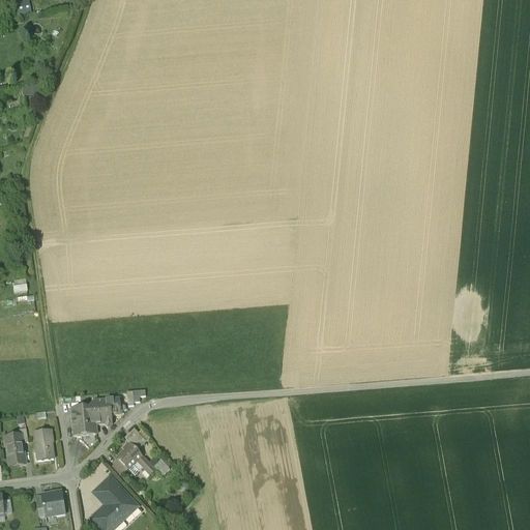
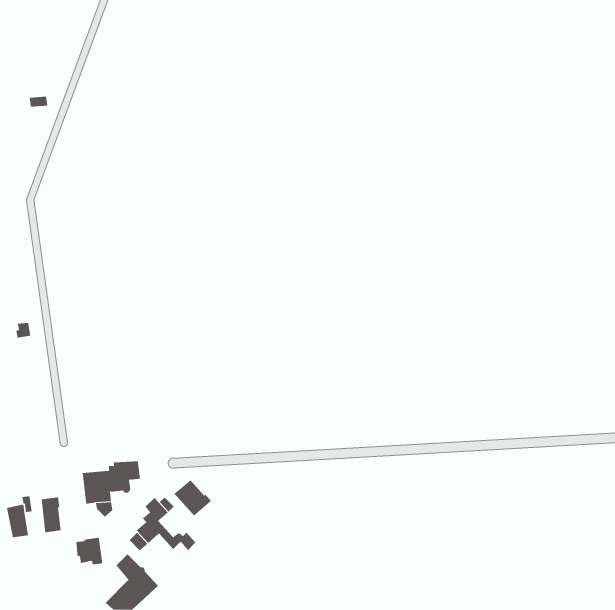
building: none -> [174,479,212,516]
building: [41,490,65,513] -> [75,537,103,565]

